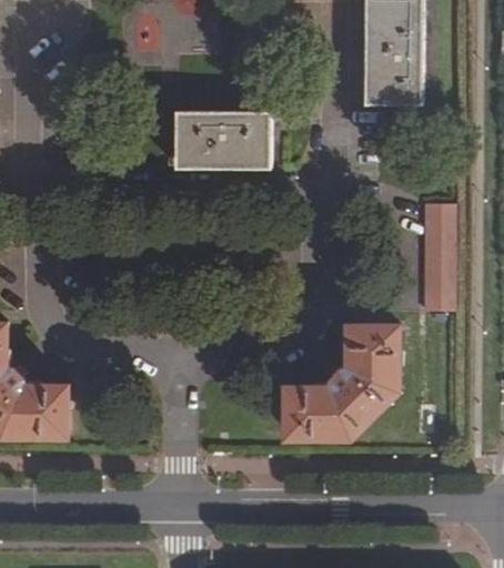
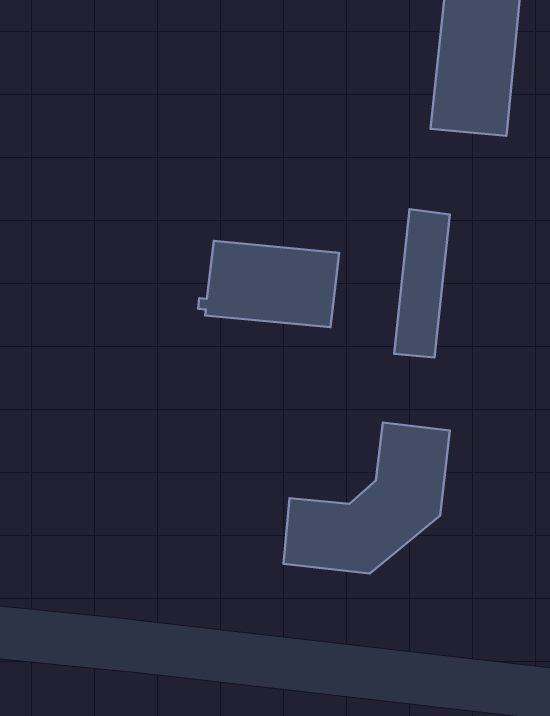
building: [171,111,271,166] -> [198,241,339,327]
building: [424,204,455,312] -> [394,209,450,358]

